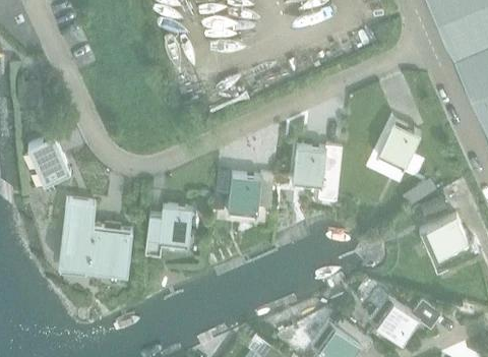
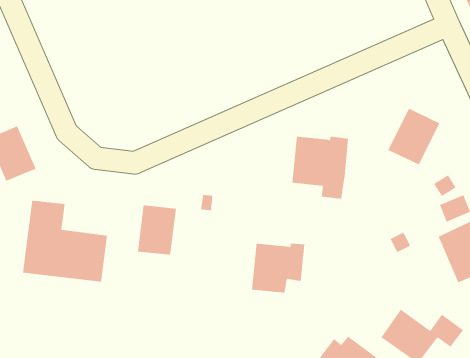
building: [226,178,272,222] -> [251,243,305,293]

